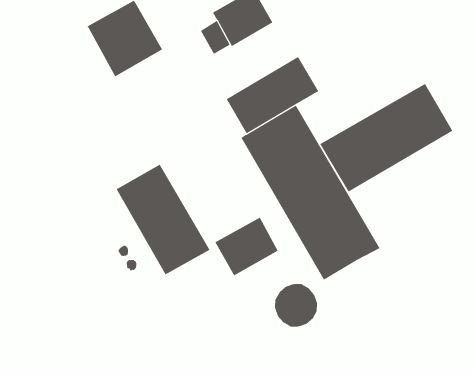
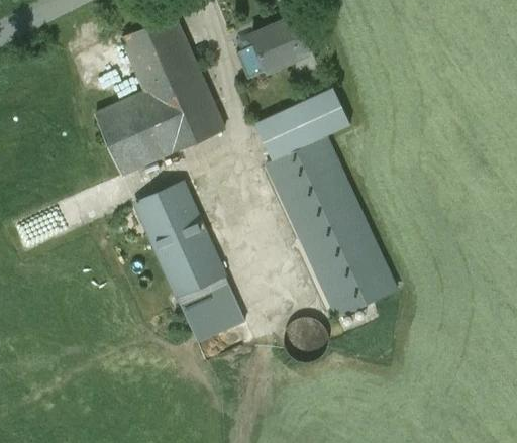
building: none -> [95,68,224,176]
building: [319,83,453,192] -> none
building: [215,217,278,276] -> [177,274,240,332]

